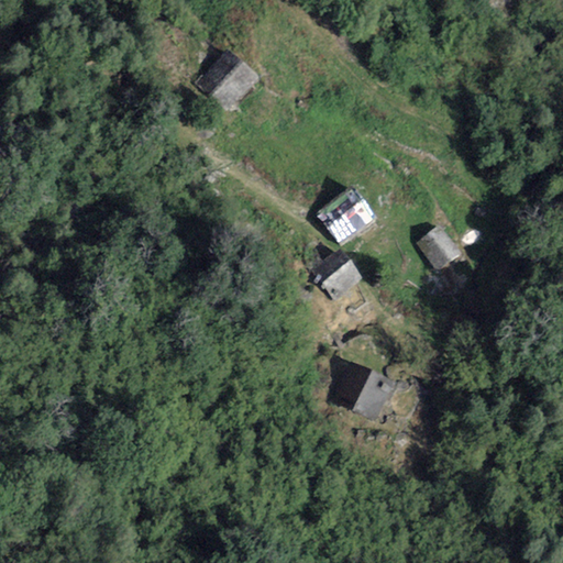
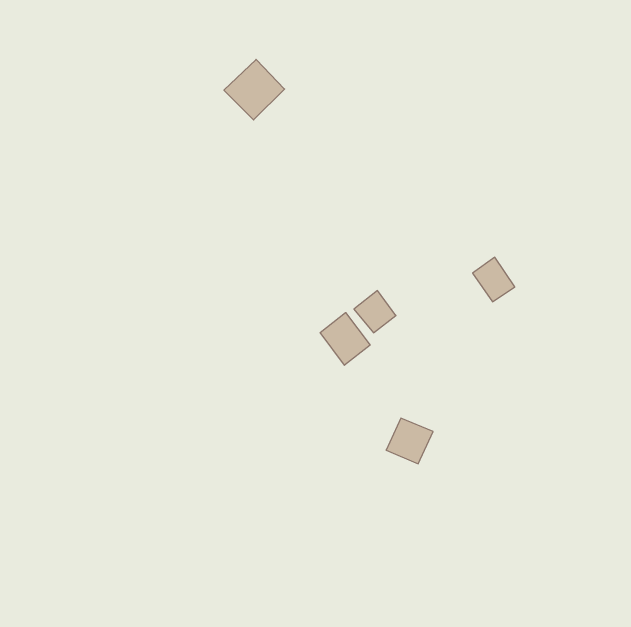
building: [322,190,373,241] -> none
building: none -> [320,313,370,365]

